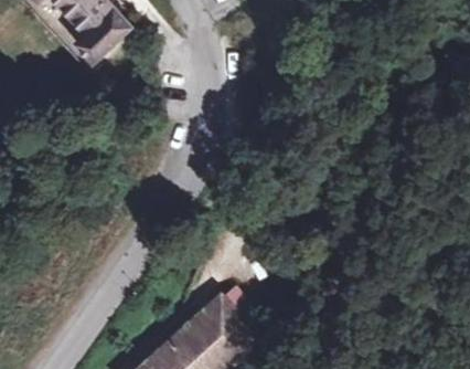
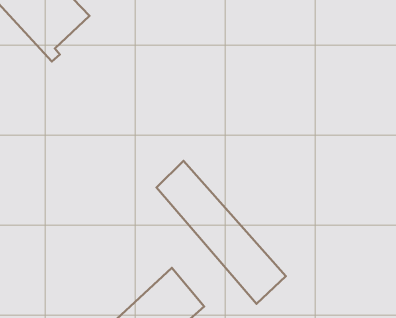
building: none -> [156,161,286,304]

